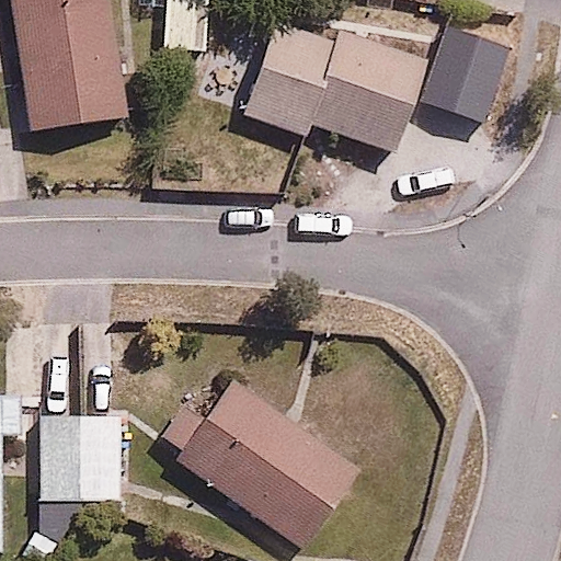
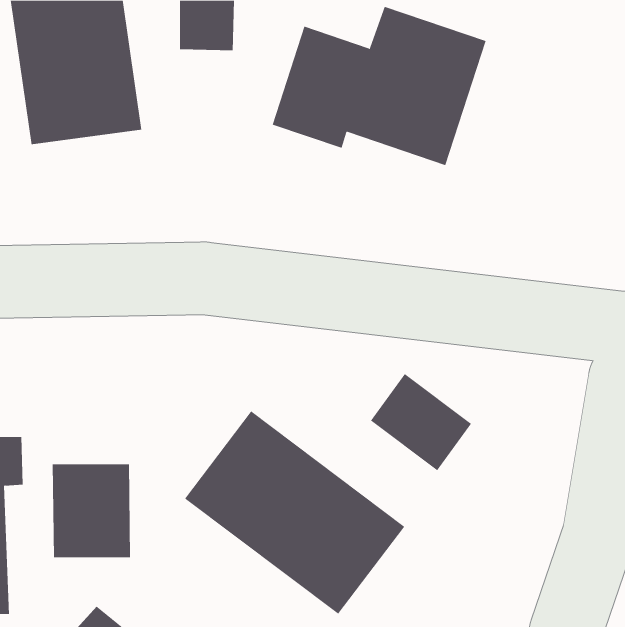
building: [424,32,513,121] -> none
building: none -> [370,373,472,471]

